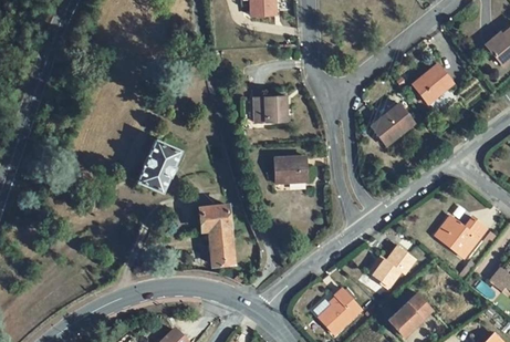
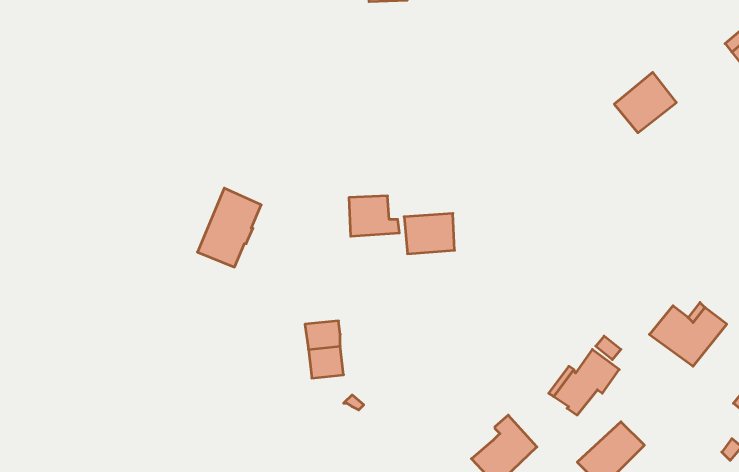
building: [253,95,287,122] -> [349,196,399,236]
building: [371,102,414,145] -> none
building: [199,204,230,229] -> none

